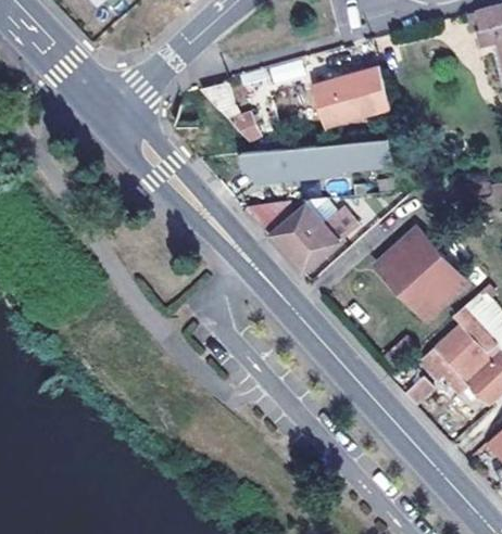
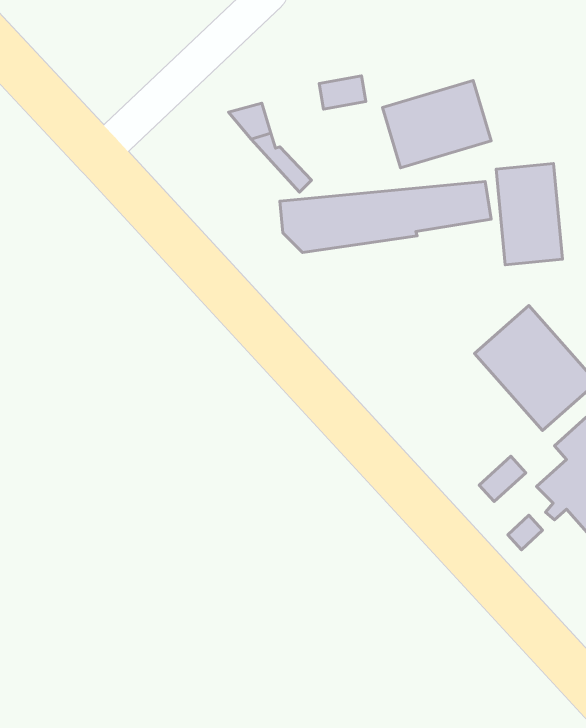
building: none -> [496,164,563,265]
building: [249,199,359,272] -> none

